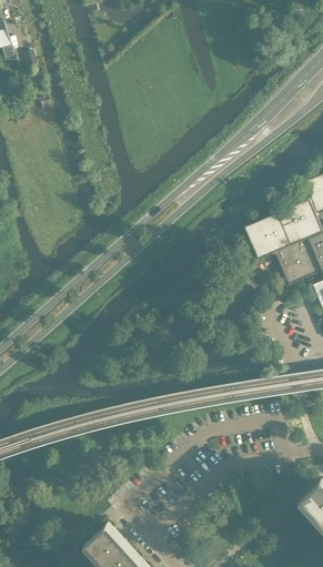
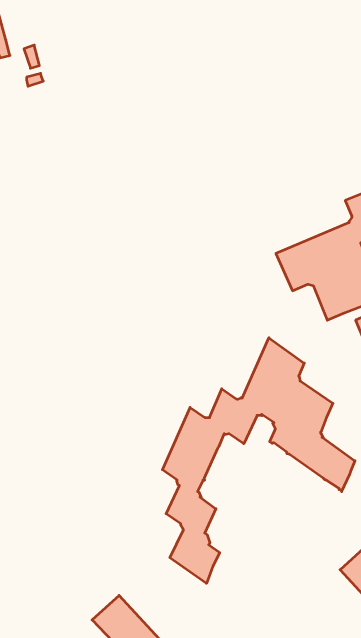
building: none -> [162,338,355,583]

